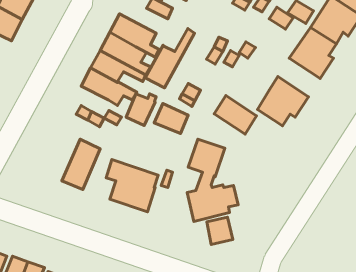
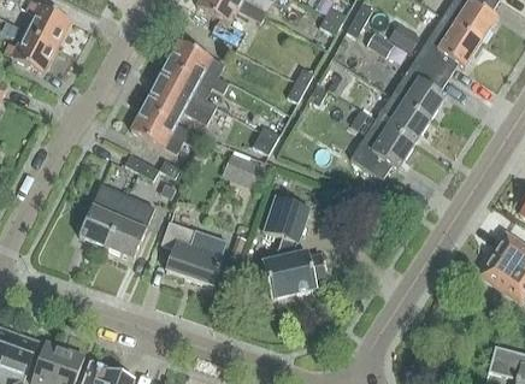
building: [145,29,195,88] -> none
building: [126,94,156,125] -> none
building: [214,96,257,134] -> [376,95,429,143]
building: none -> [78,184,129,248]
building: [207,217,233,245] -> none

